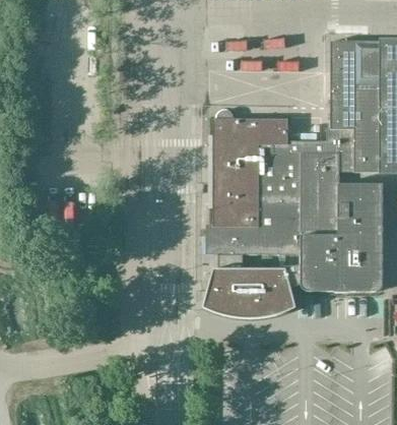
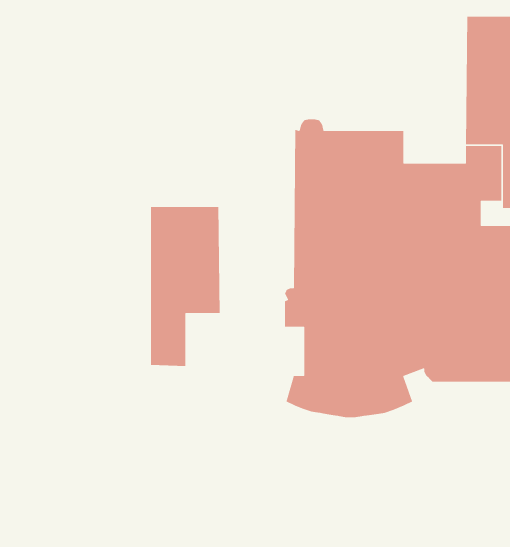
building: none -> [150,206,221,367]

